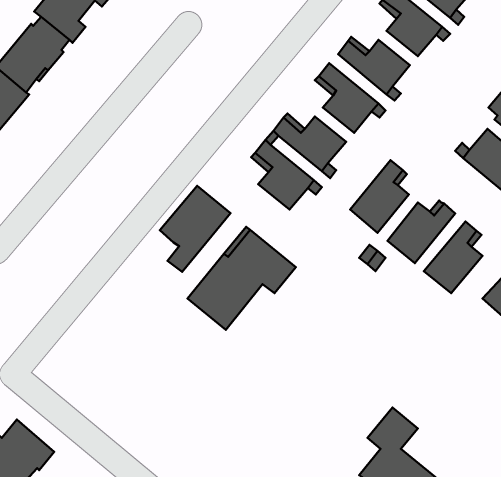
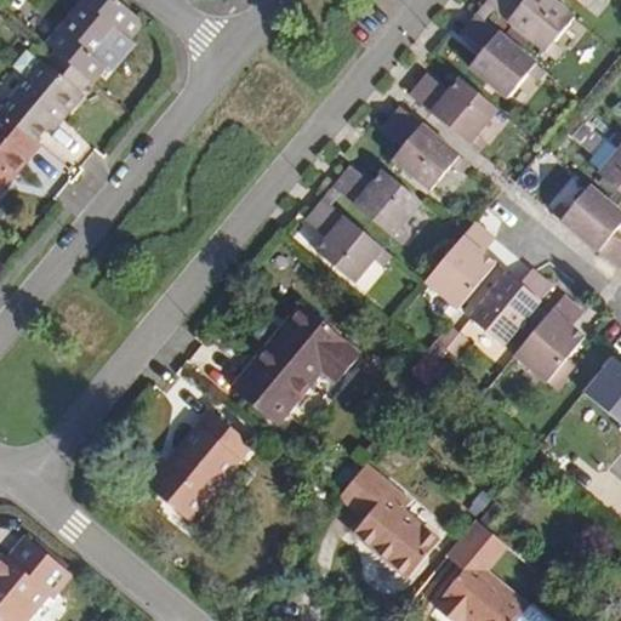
building: [160,186,230,272] -> none
building: none -> [142,410,250,523]
building: none -> [337,463,439,577]

